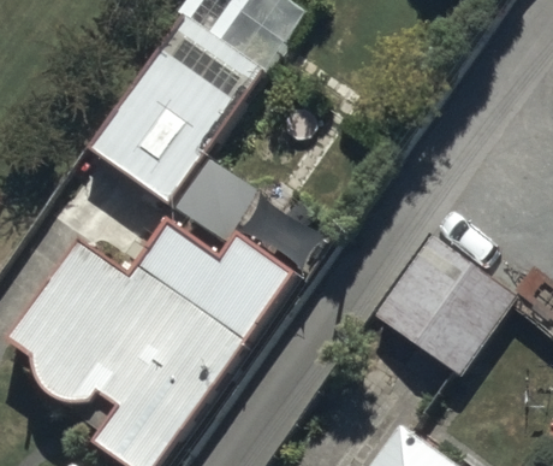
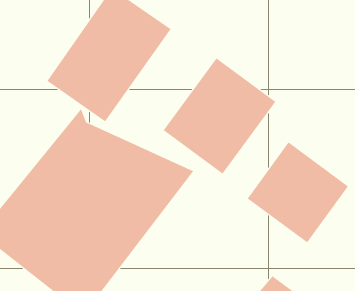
building: none -> [163,58,276,174]

